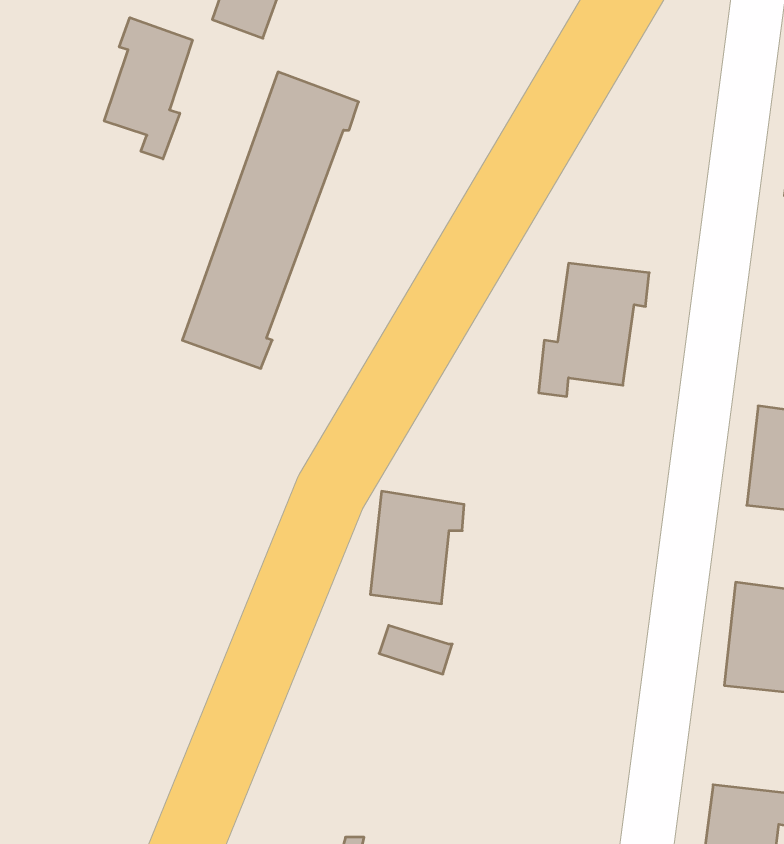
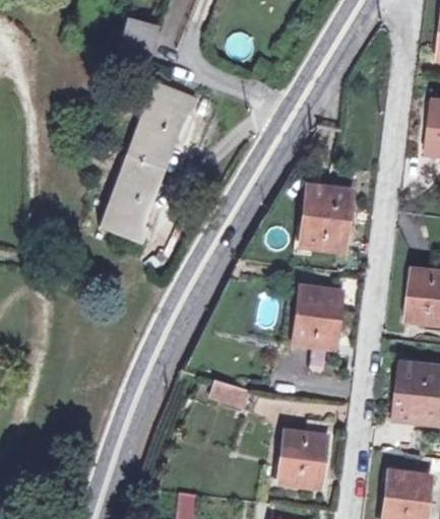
building: [104,18,192,159] -> none
building: [370,491,464,604] -> [290,291,340,352]
building: none -> [277,418,332,494]

